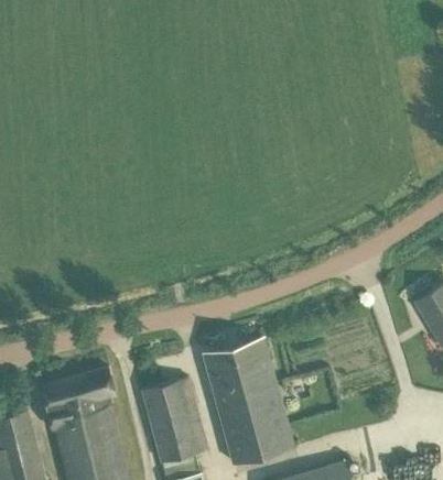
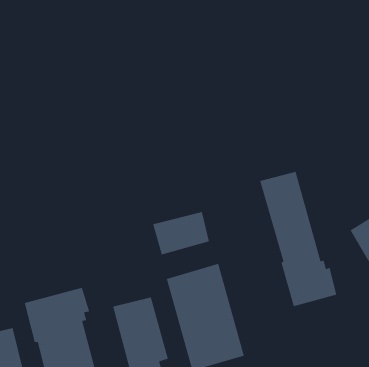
building: none -> [259,171,337,307]
building: none -> [152,211,210,256]

